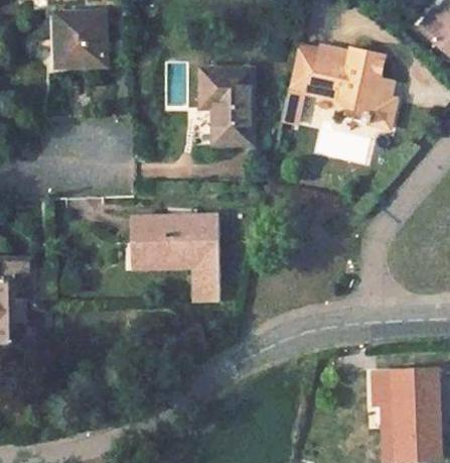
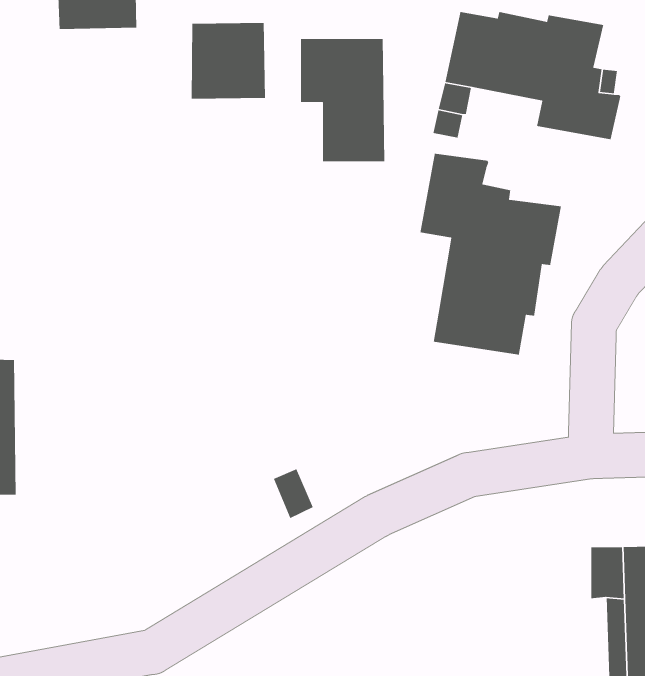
building: none -> [191,22,266,99]
building: none -> [420,153,562,356]
building: [134,217,220,303] -> none

